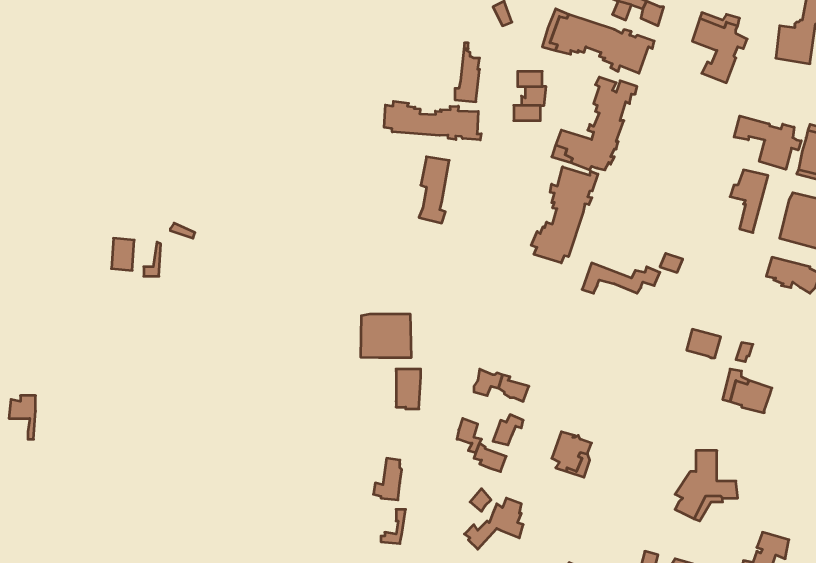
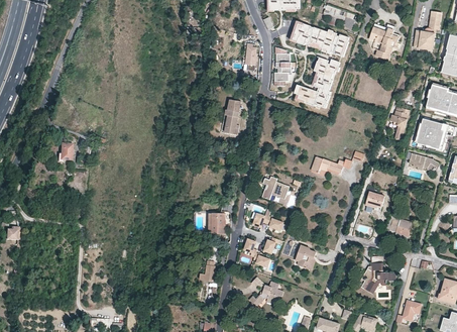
building: [384,101,481,140] -> none
building: [734,116,801,169] -> none
building: [531,167,598,263] -> none
building: none -> [261,176,289,199]
building: [361,314,411,358] -> none

